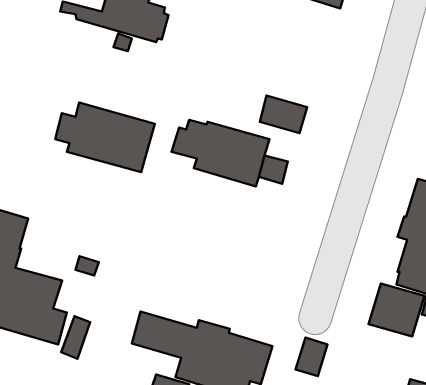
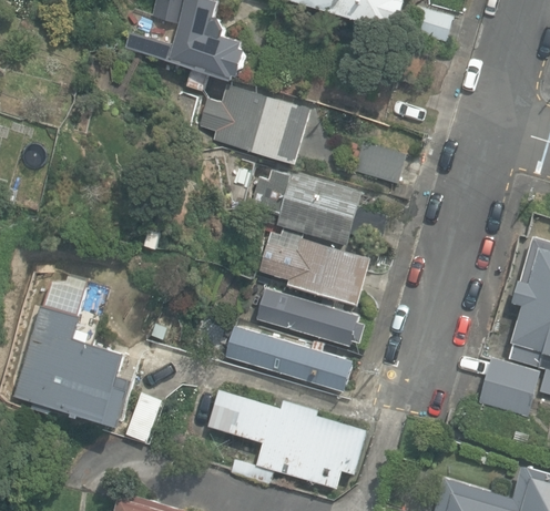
building: [55,102,155,172] -> [200,84,314,164]
building: none -> [257,237,370,306]
building: none -> [255,288,366,346]
building: none -> [224,326,353,391]

